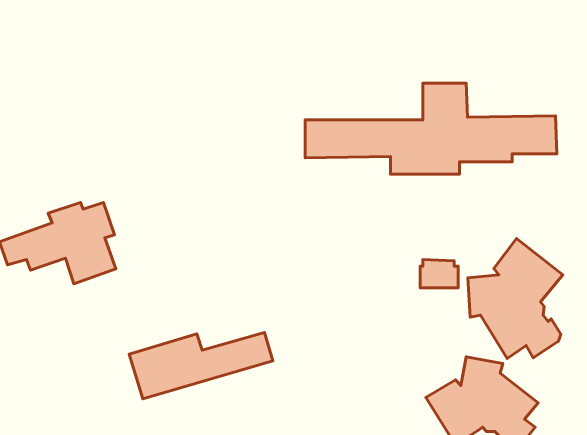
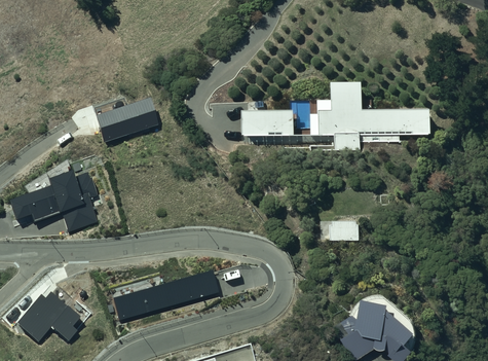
building: none -> [92,99,157,142]
building: [468,239,563,358] -> none
building: none -> [15,292,81,342]

